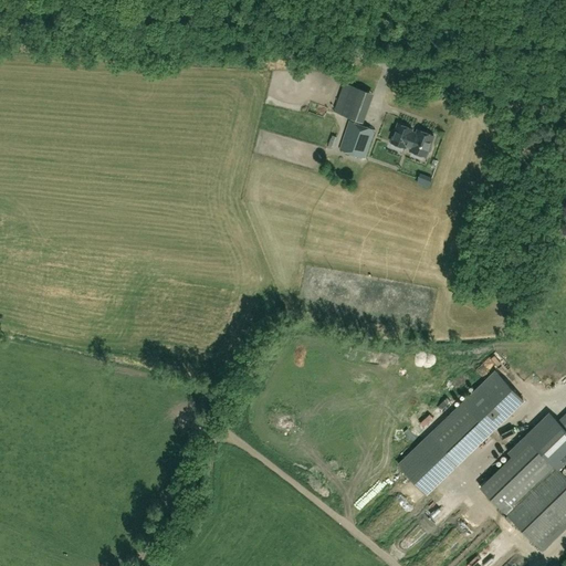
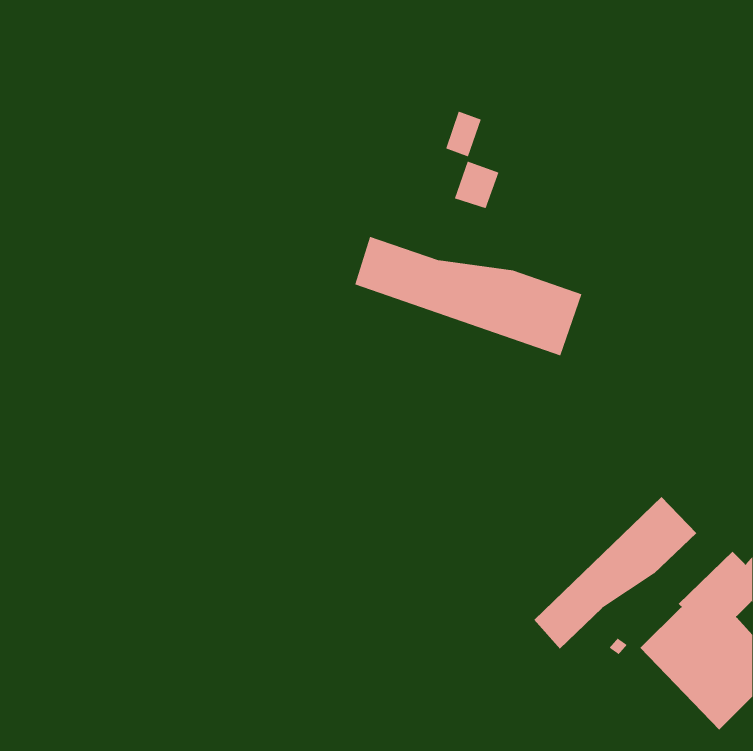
building: [391,125,433,157] -> none
building: none -> [354,236,582,356]

